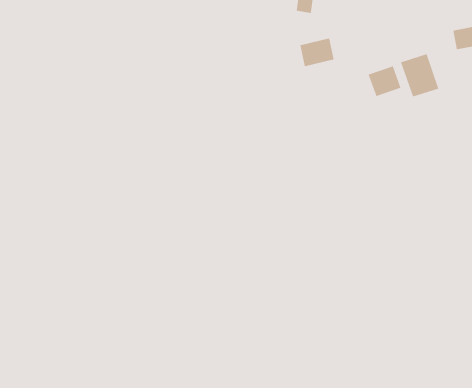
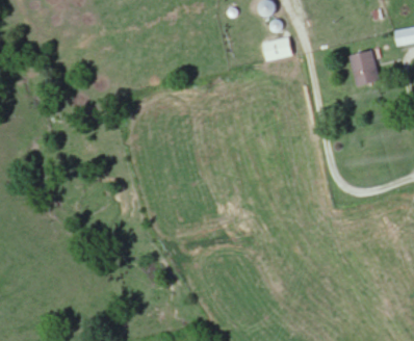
building: [368,65,401,97] -> none

